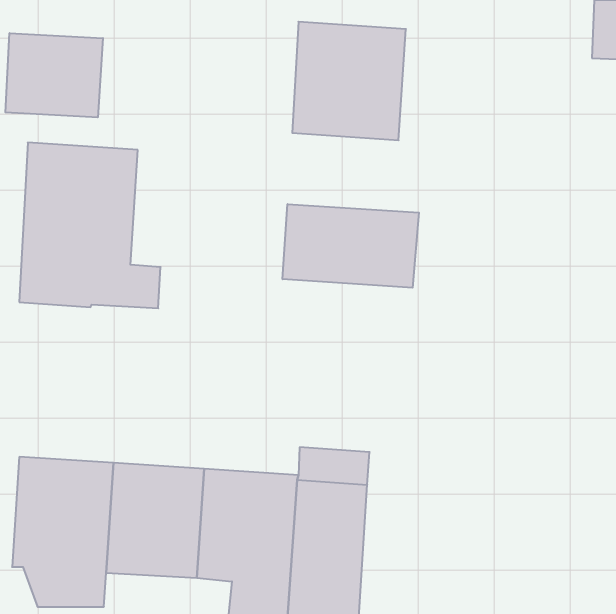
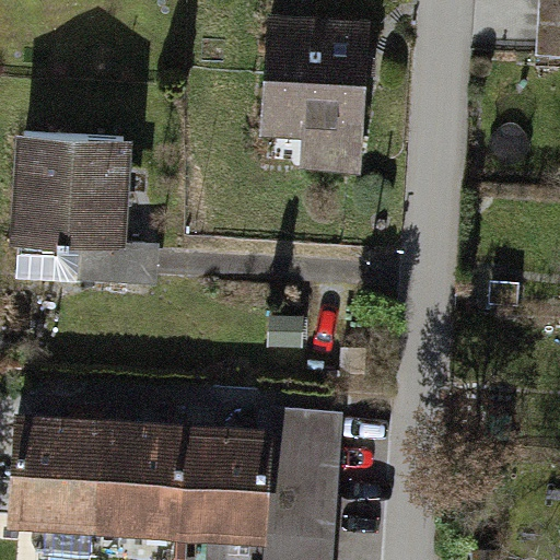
building: [5,33,103,117] -> none
building: [283,204,419,288] -> none

